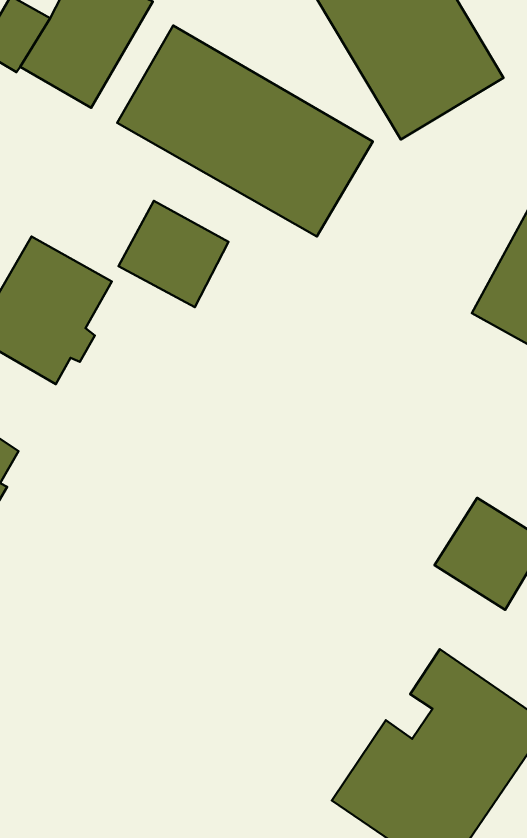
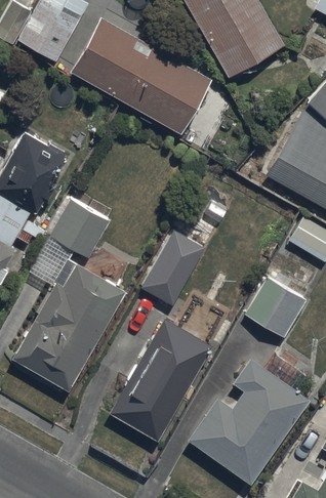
building: [118,201,229,307] -> [47,199,108,257]
building: none -> [141,231,203,304]
building: none -> [13,259,124,391]
building: none -> [107,320,211,443]

